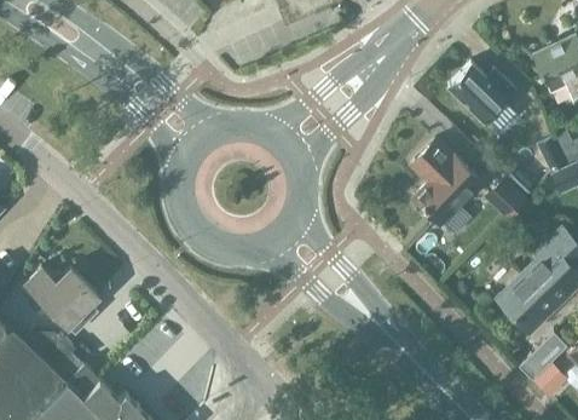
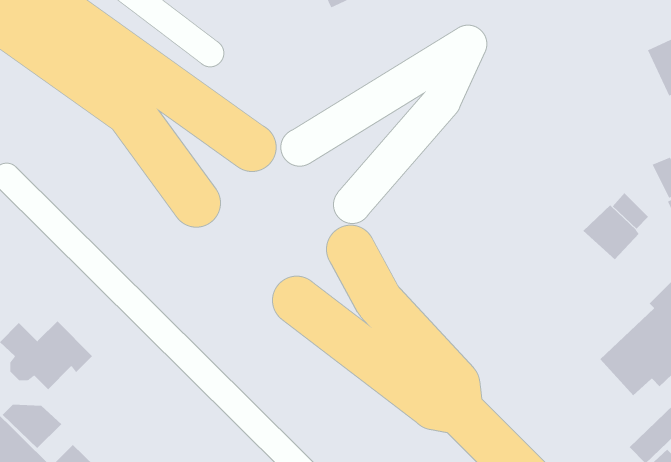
building: [447,62,515,130] -> none
building: [410,139,480,223] -> none

